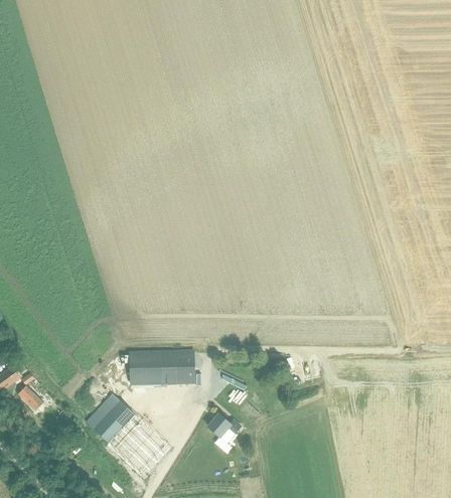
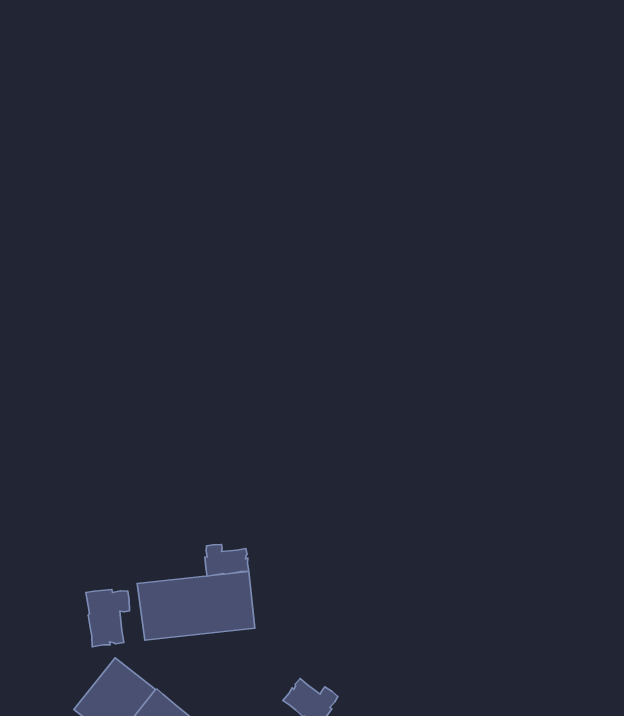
building: none -> [205,544,249,576]
building: none -> [86,589,130,647]

